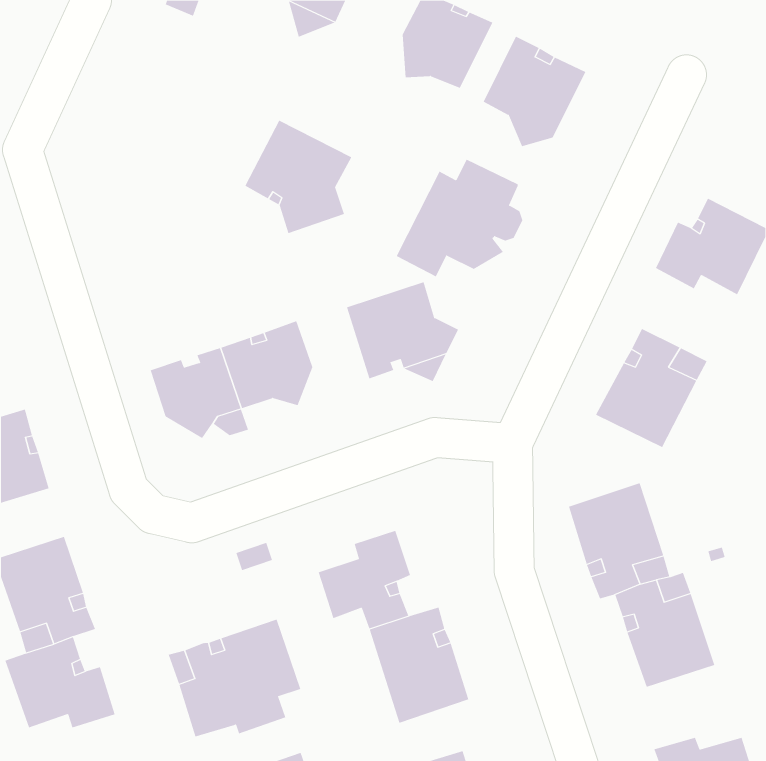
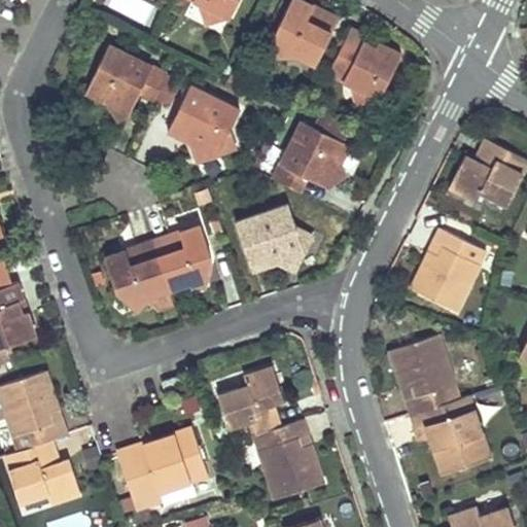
building: none -> [84,46,167,119]

